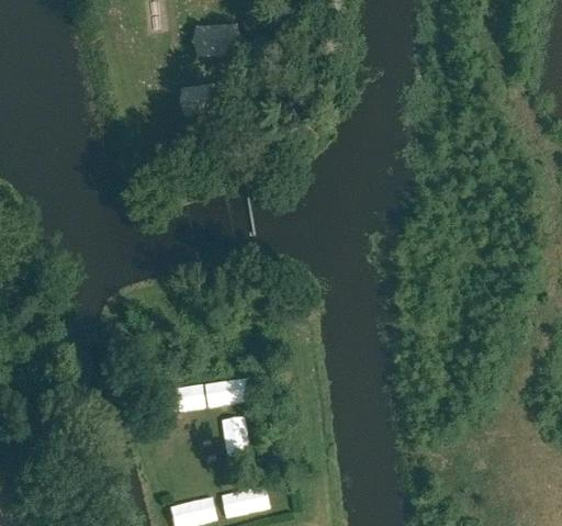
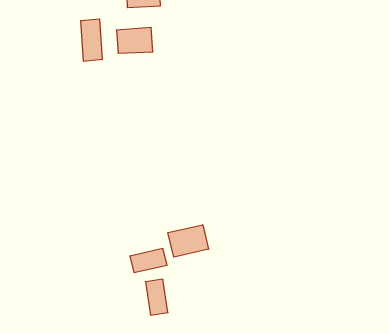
building: none -> [81,19,102,61]
building: none -> [168,225,209,257]

